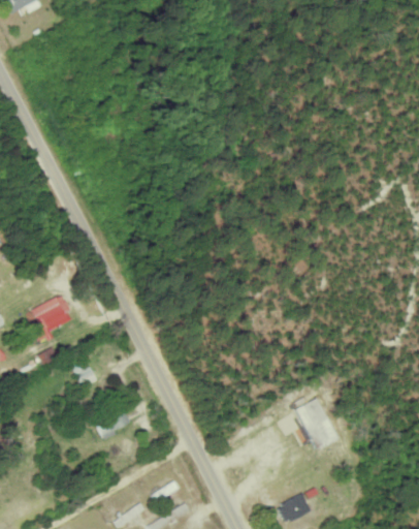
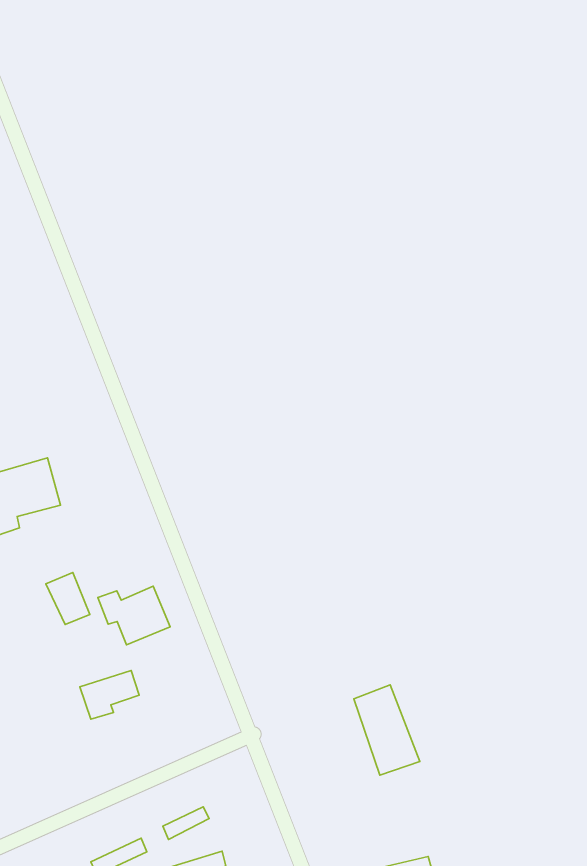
building: none -> [98,586,170,645]
building: [296,398,337,449] -> [354,685,420,775]

